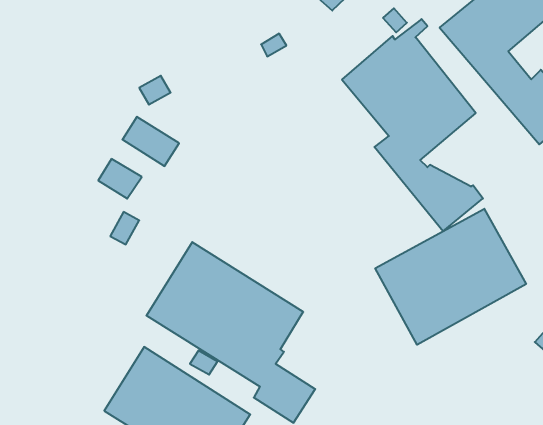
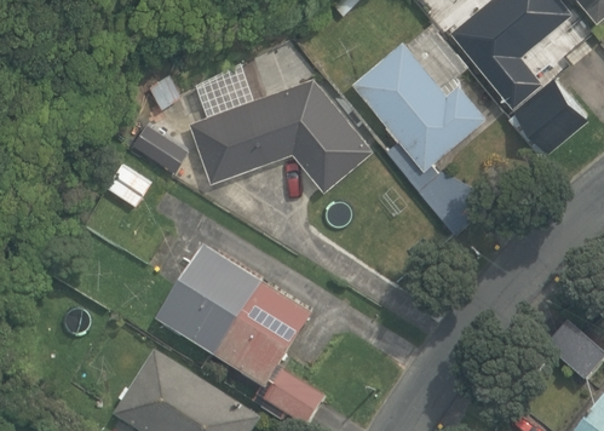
building: none -> [191,77,372,188]
building: [375,209,526,345] -> none

